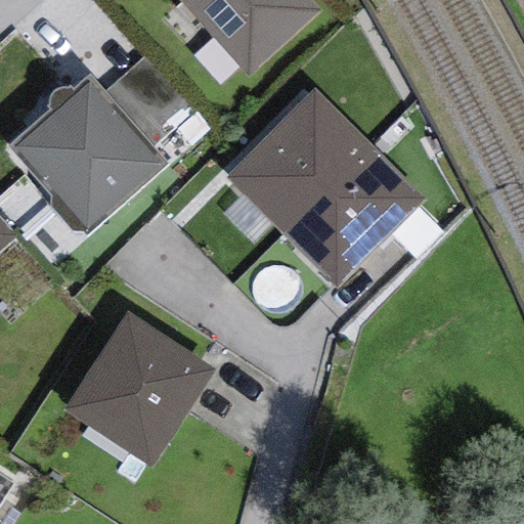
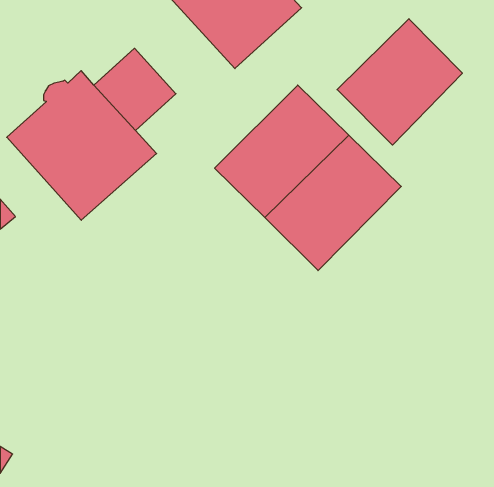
building: none -> [337,19,462,145]
building: [63,312,214,467] -> none

